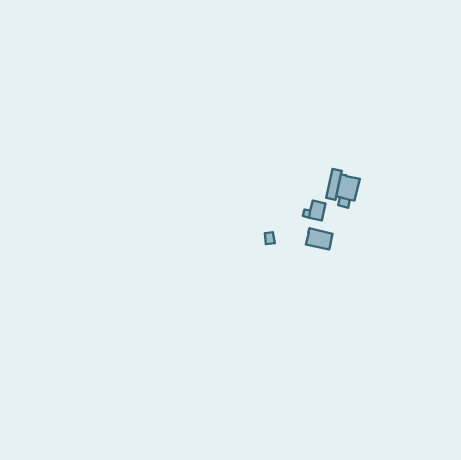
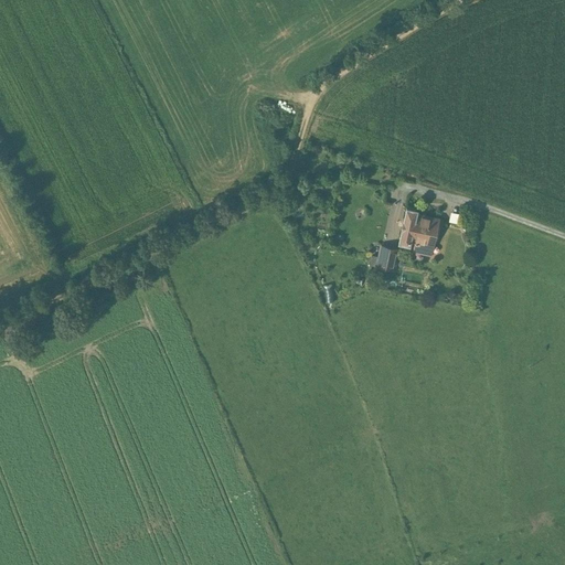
building: [306,228,332,249] -> none

